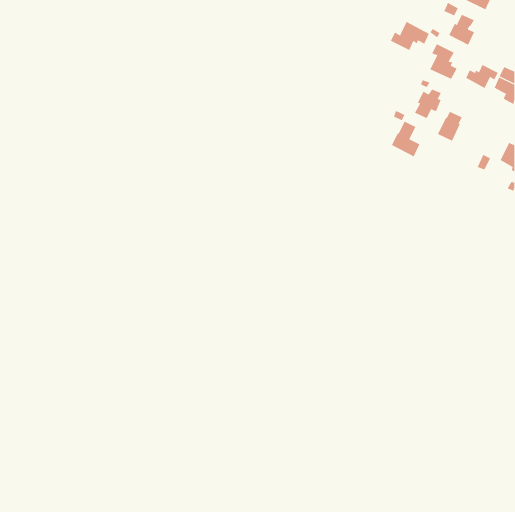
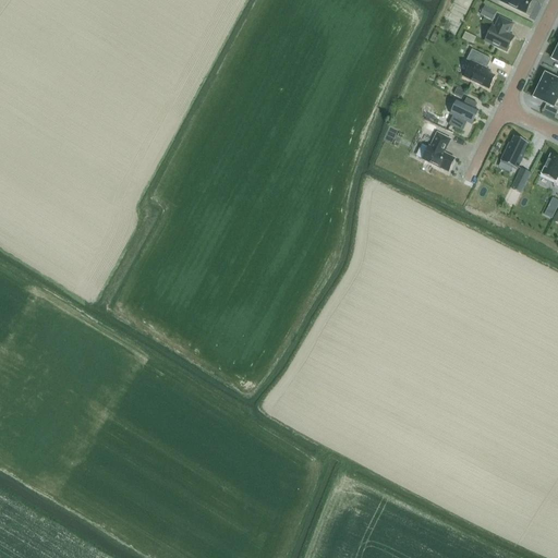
building: [390,21,429,51] -> none
building: [466,64,498,89] -> none
building: [437,111,463,141] -> [502,135,530,168]

